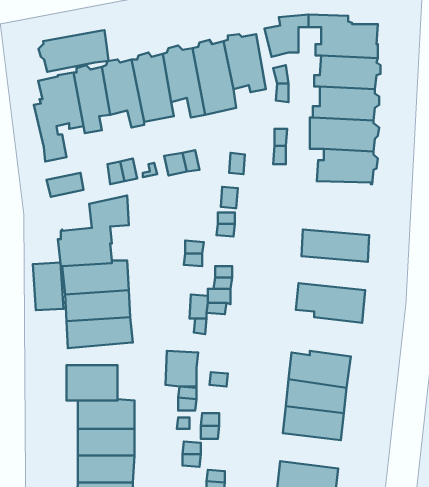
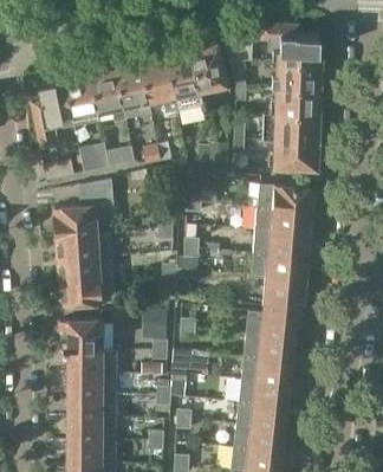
building: [38,30,109,72] -> none
building: none -> [257,185,314,213]
building: none -> [253,231,311,259]
building: [33,263,63,310] -> none
building: none -> [262,282,306,315]
building: none -> [238,379,288,408]

